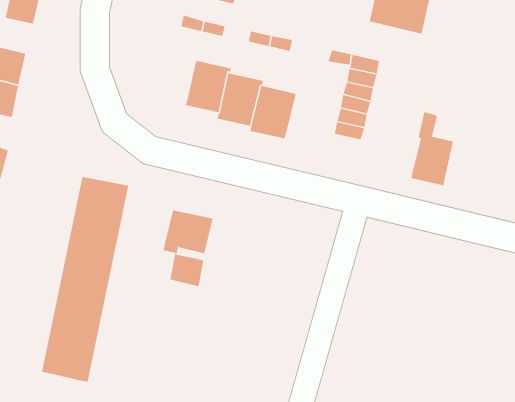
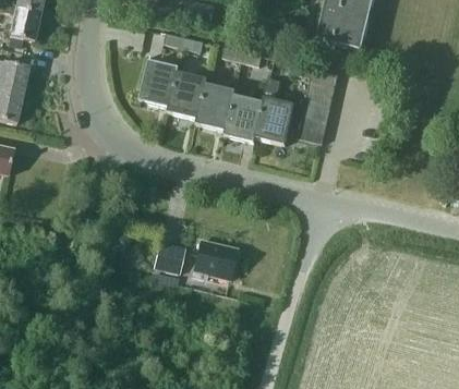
building: none -> [138,59,179,106]
building: [410,111,454,186] -> [255,77,293,143]
building: [41,176,129,383] -> none
building: [162,209,213,254] -> [191,240,235,279]

